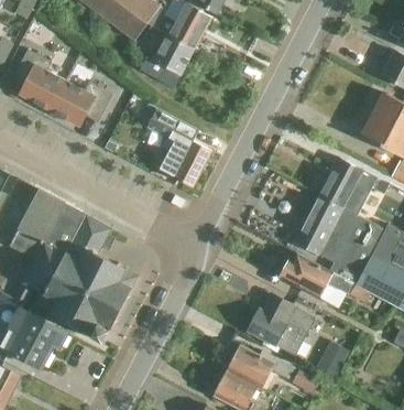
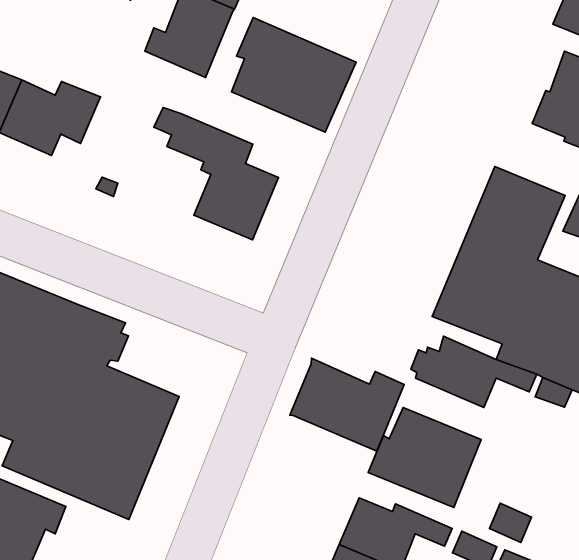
building: none -> [231,18,356,132]
building: none -> [290,358,404,451]

